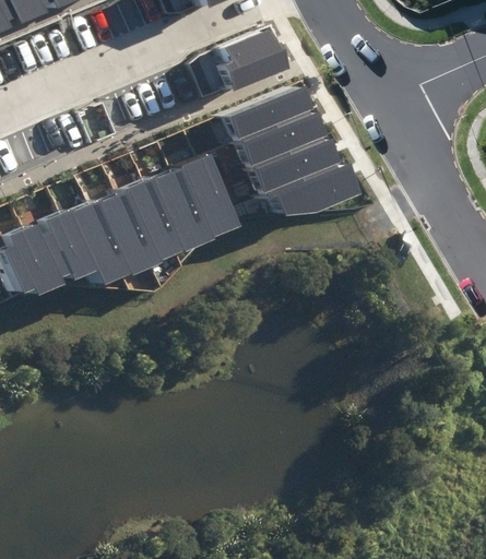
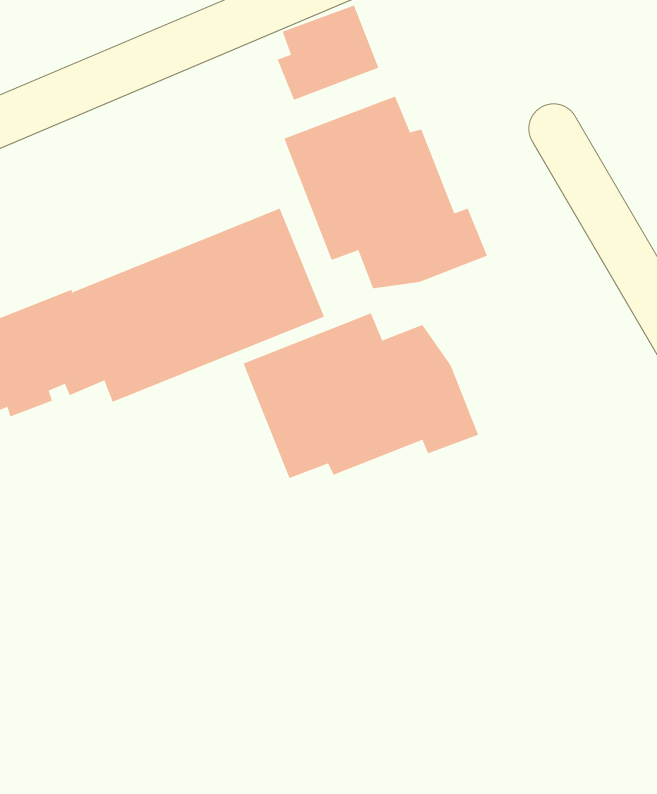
building: none -> [243,313,479,479]

